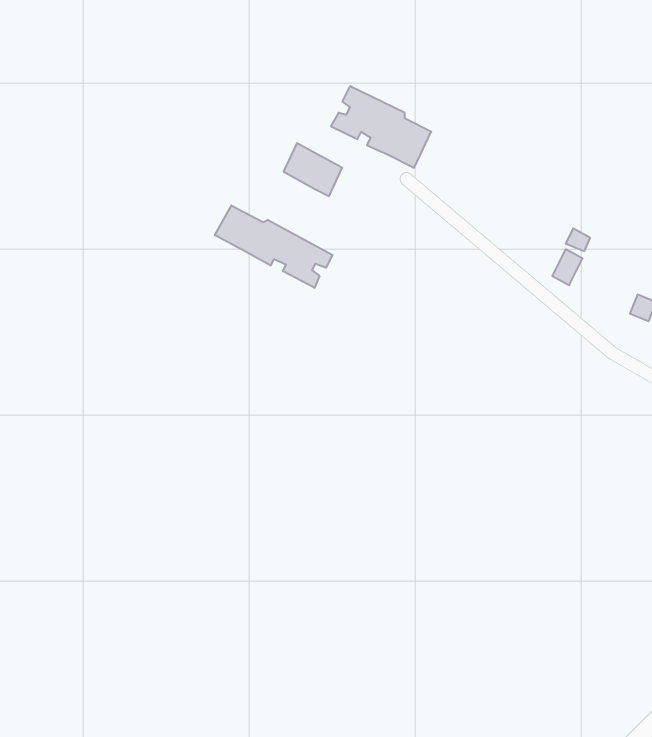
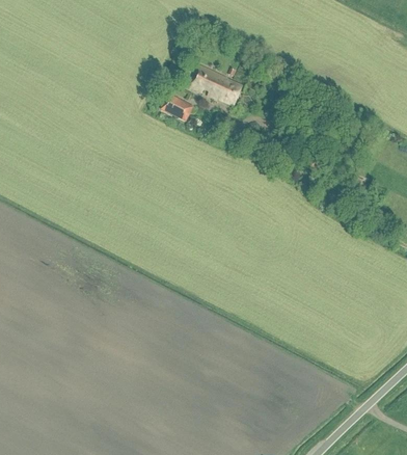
building: [215,205,333,288] -> none

